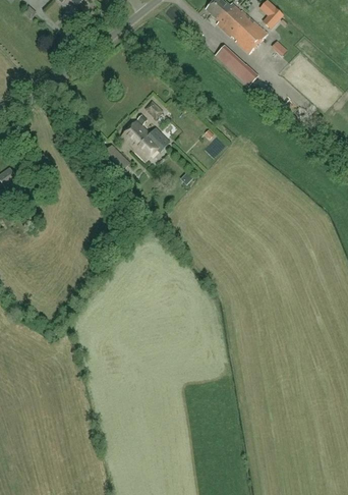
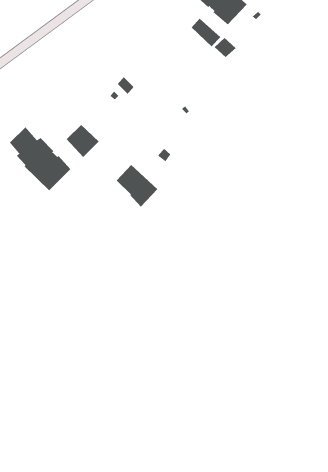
building: [122,120,162,161] -> [116,164,158,208]
building: none -> [9,126,71,191]

